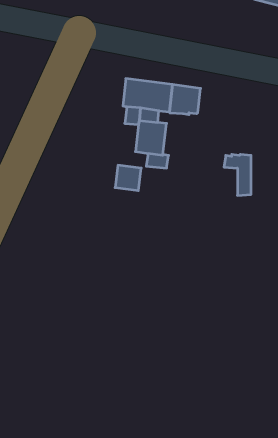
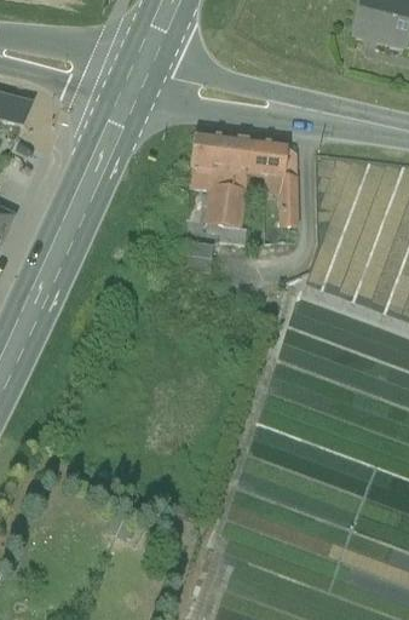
building: [224,154,251,195] -> [261,173,295,224]

